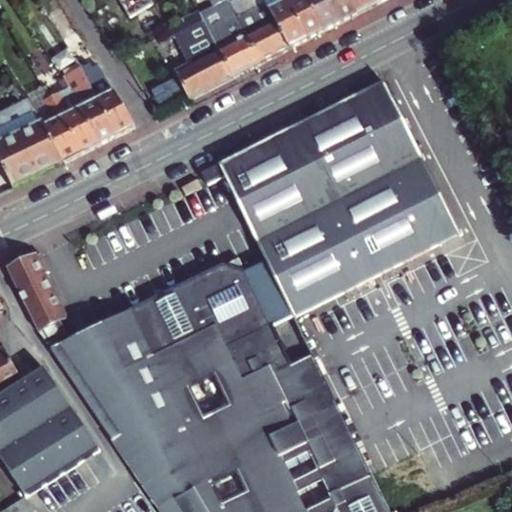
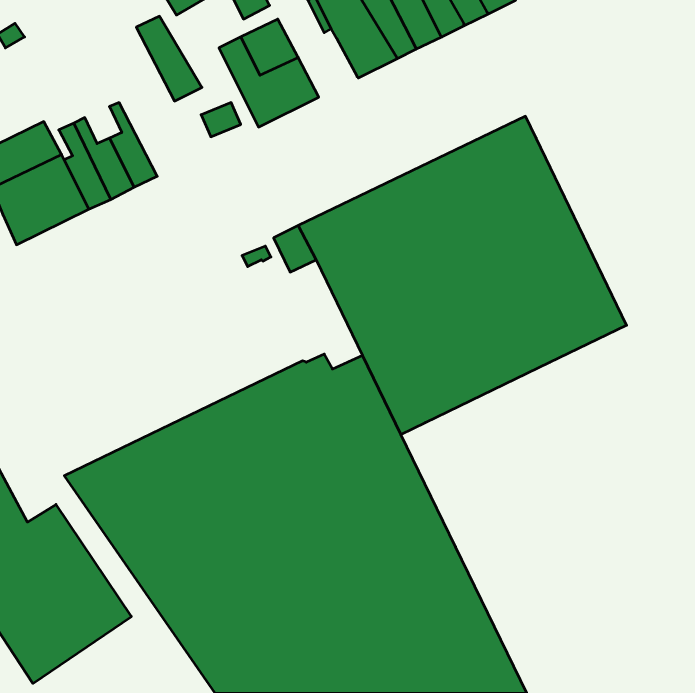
building: [218,28,262,71] -> none
building: [87,67,135,129] -> [136,16,202,101]
building: [5,253,61,341] -> none

